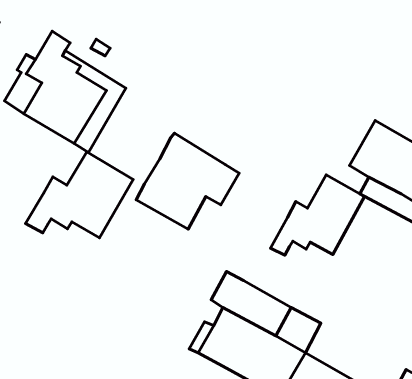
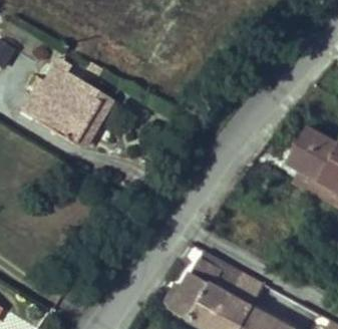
building: [136,133,239,229] -> none
building: [26,152,133,238] -> none
building: [271,175,364,255] -> none

